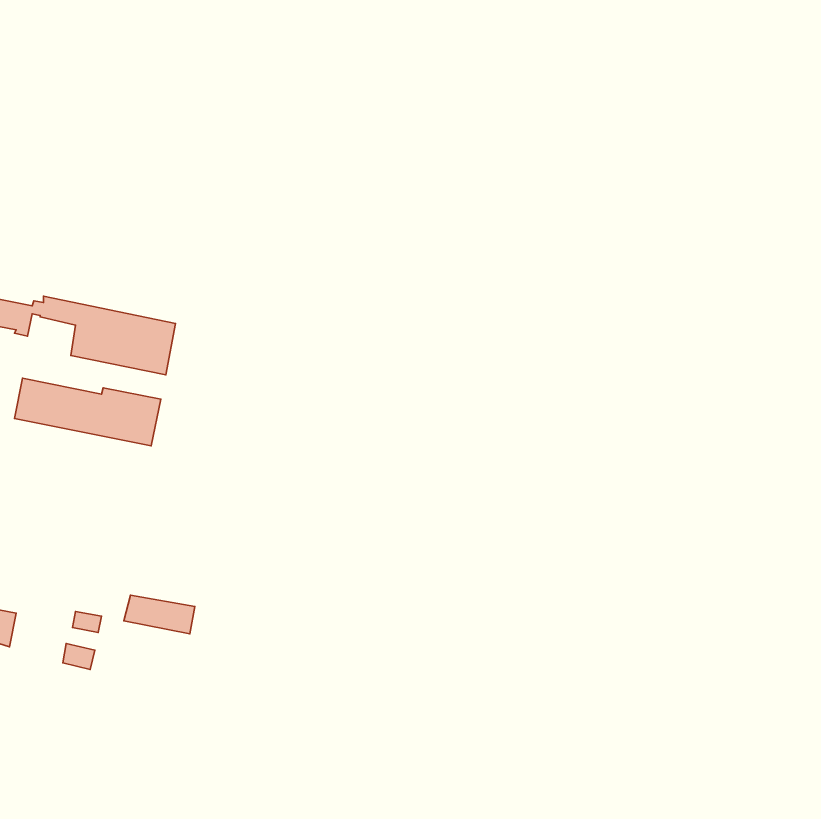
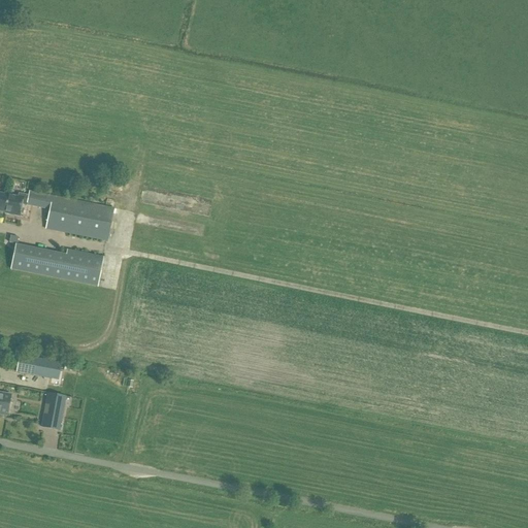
building: [124,595,195,634] -> [14,354,60,378]

